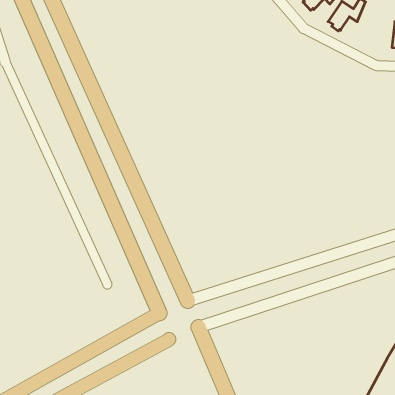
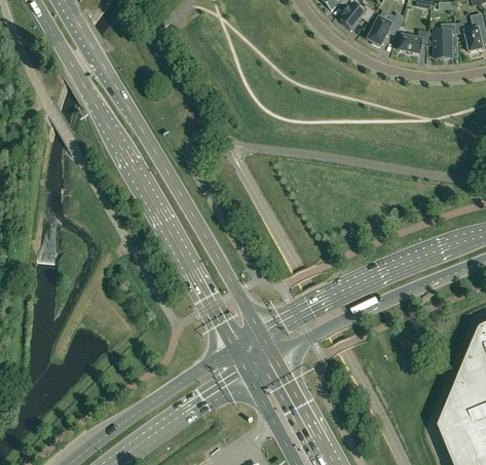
building: none -> [397,29,429,53]

